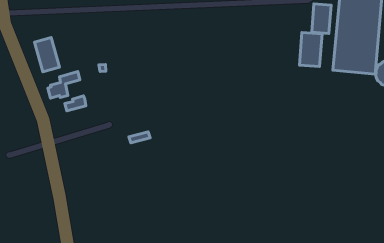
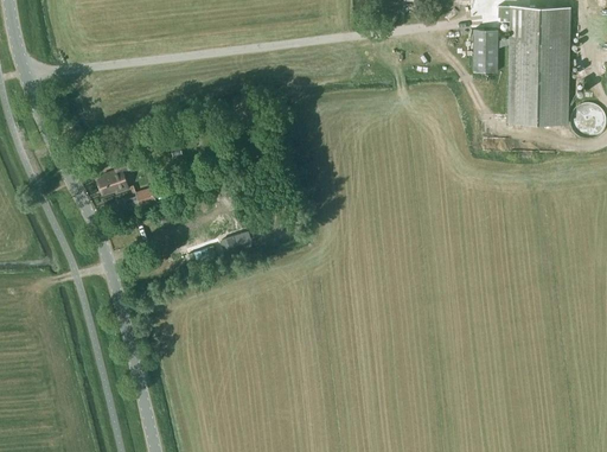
building: [299,32,322,67] -> none
building: [35,38,59,72] -> none

